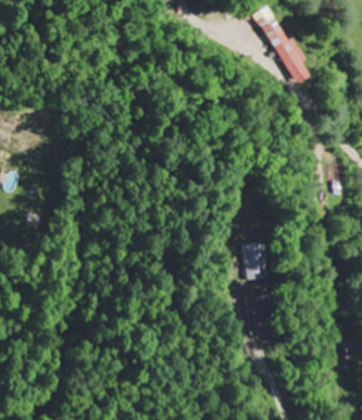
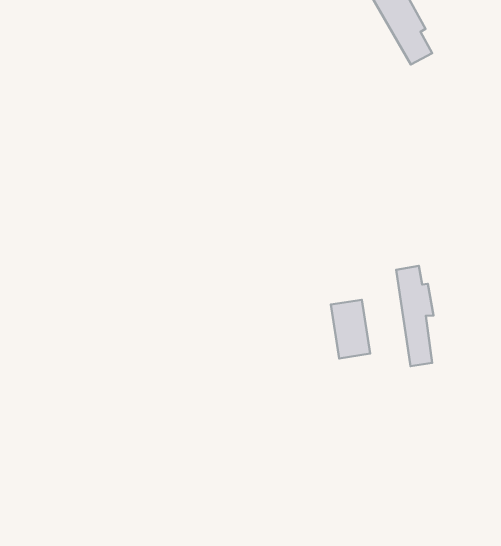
building: none -> [396,266,433,366]

